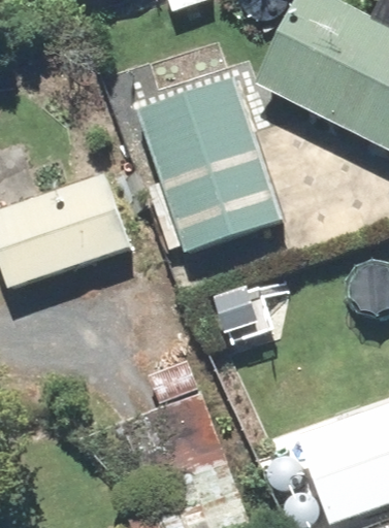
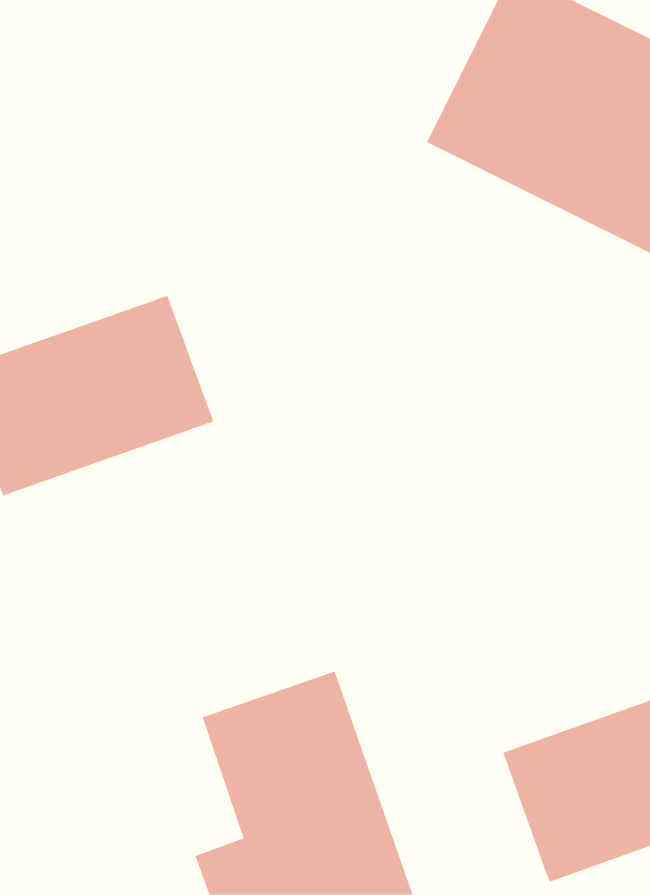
building: [136,75,282,251] -> none

